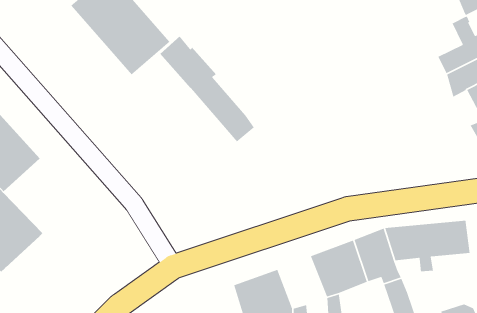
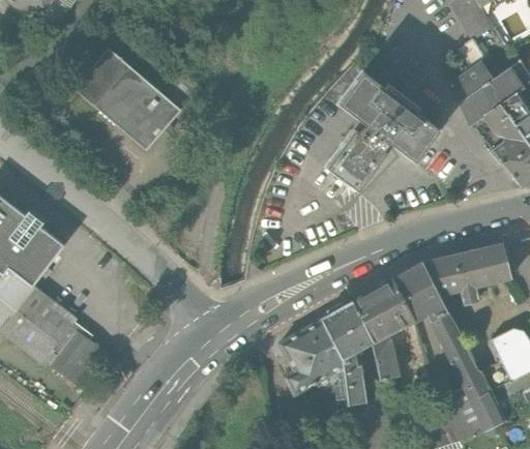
building: none -> [325,72,438,190]
building: [159,36,255,143] -> none
building: none -> [48,323,112,389]
building: none -> [320,303,373,358]

